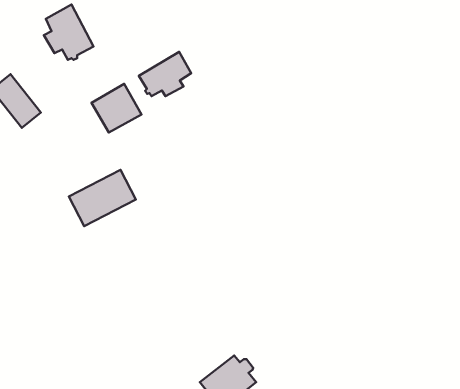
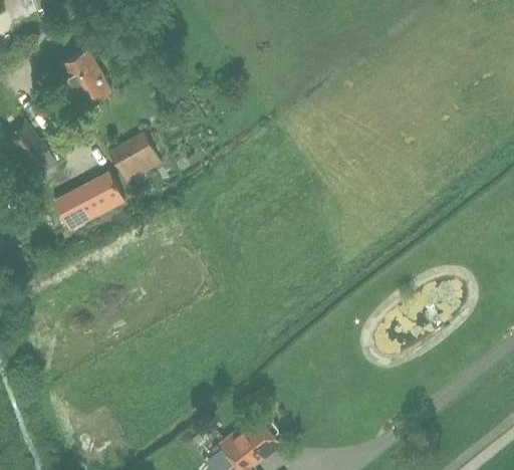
building: [139,52,191,96] -> none
building: [69,170,136,226] -> [53,173,123,232]

